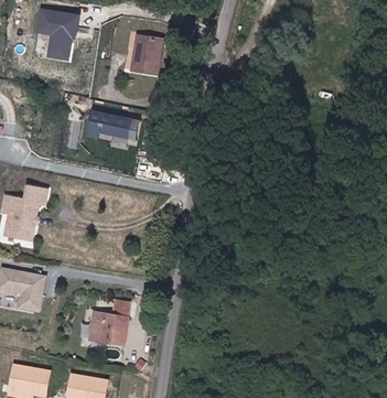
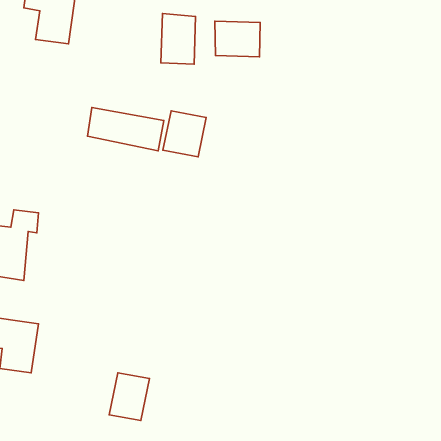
building: none -> [215,21,260,57]
building: none -> [163,111,206,157]

